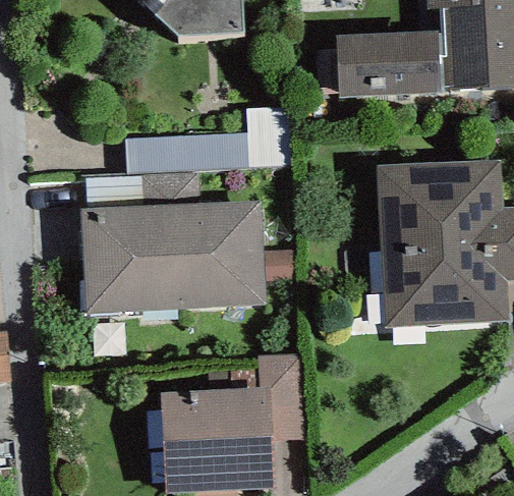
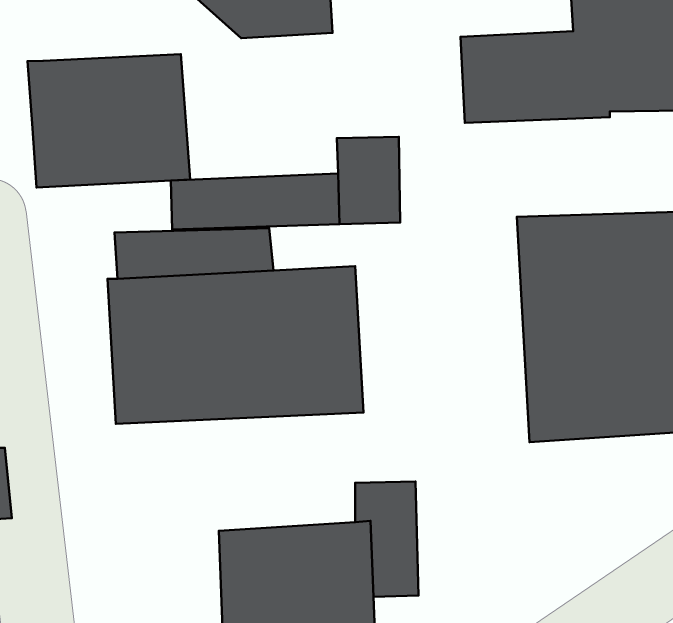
building: none -> [27,54,190,188]

